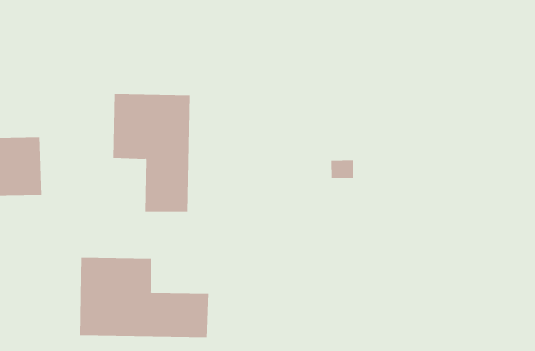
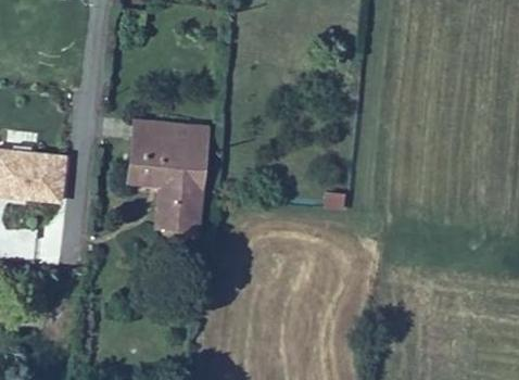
building: [79,257,209,338] -> none

